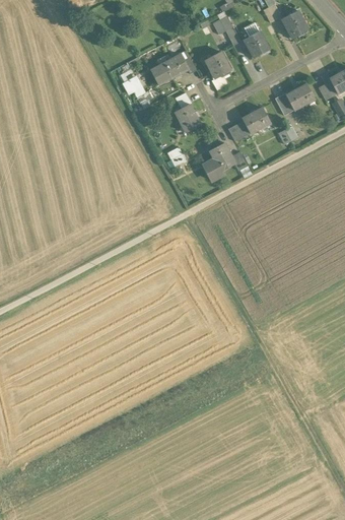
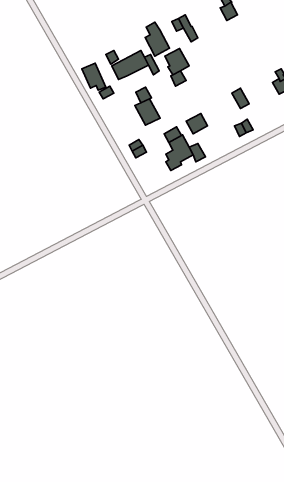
building: [281,10,306,40] -> none
building: [244,22,269,58] -> [145,22,169,56]
building: [285,84,315,110] -> none
building: [242,108,270,133] -> none

